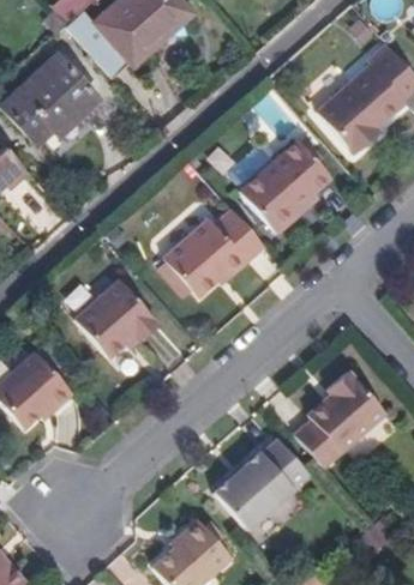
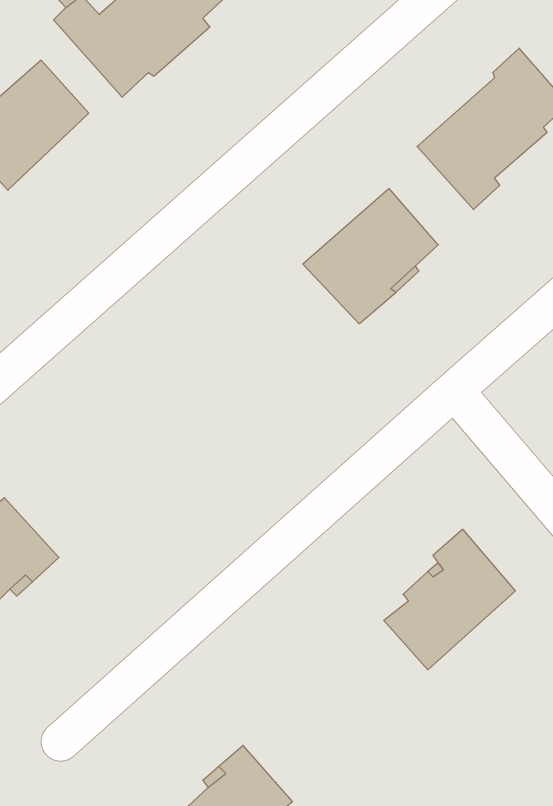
building: [164,209,265,296] -> none
building: [74,279,156,356] -> none
building: [214,439,310,530] -> none

